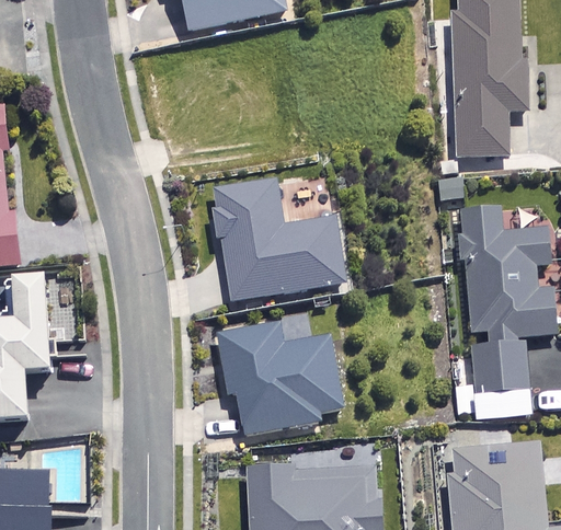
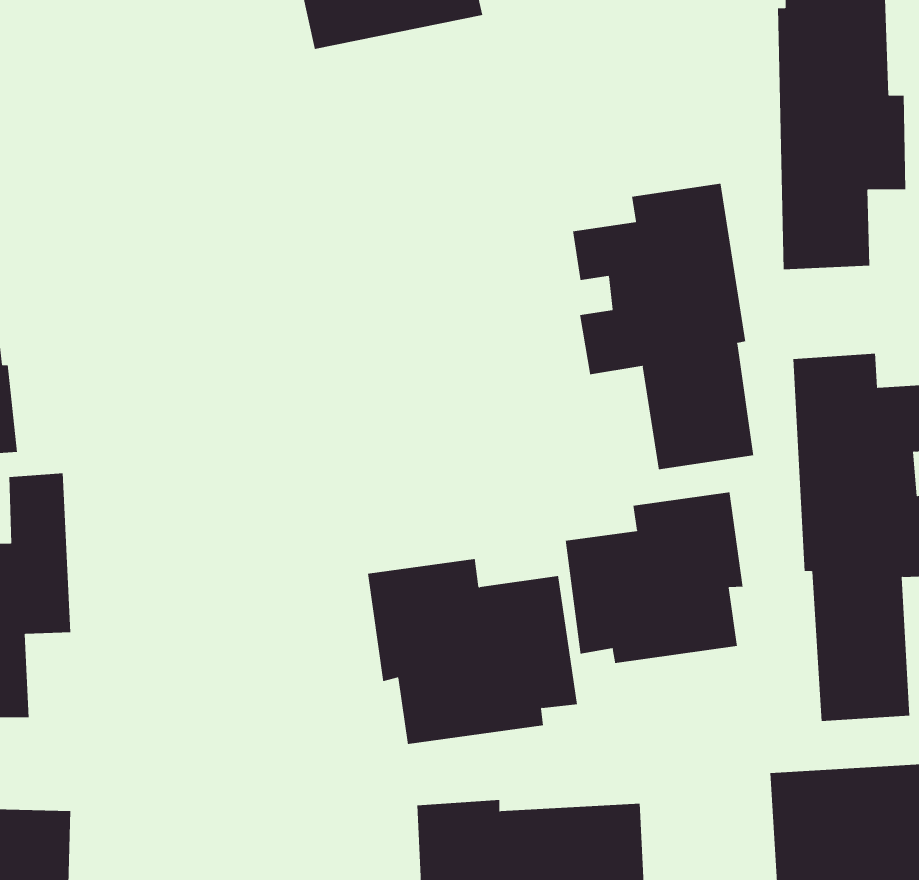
building: none -> [573,183,754,470]
building: [213,183,342,301] -> none
building: none -> [565,492,743,664]

